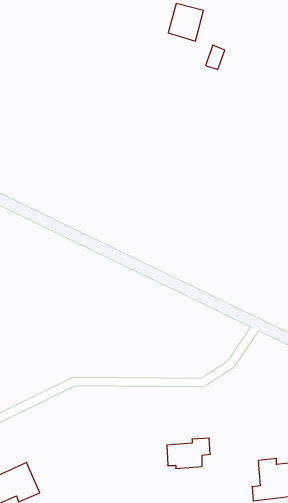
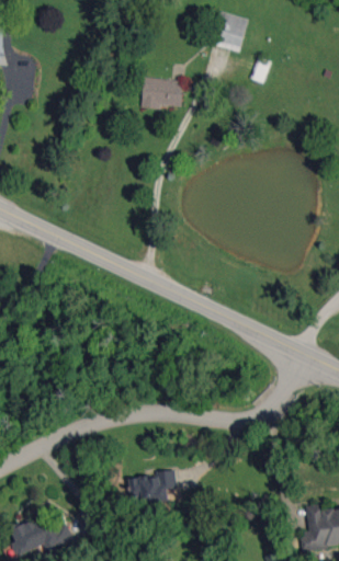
building: none -> [140,76,183,108]
building: [167,438,210,468] -> [128,470,176,503]

